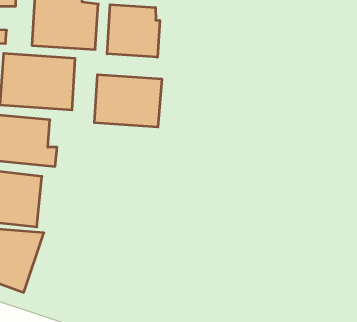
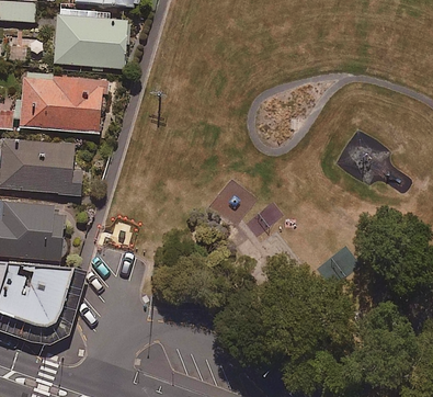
building: [107,5,160,57] -> none
building: [94,75,162,127] -> none

